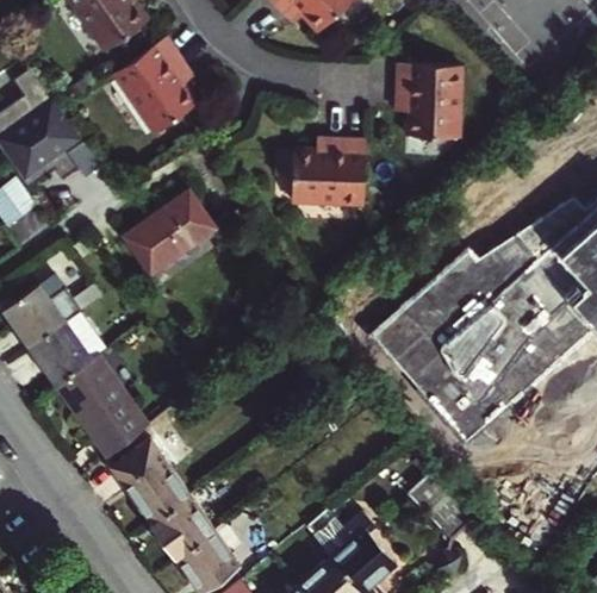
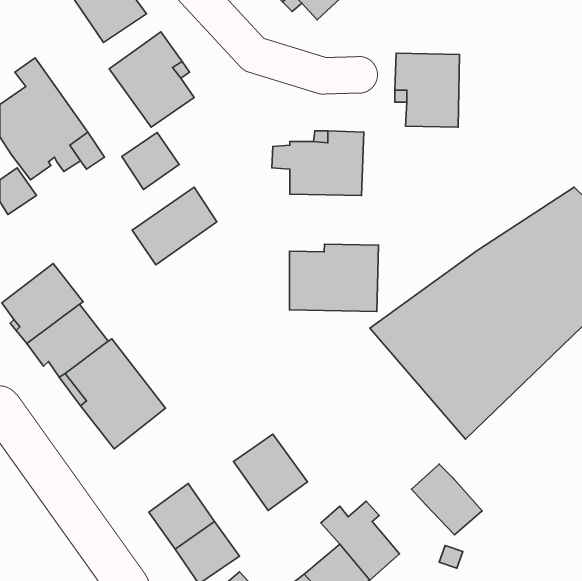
building: none -> [122,132,179,189]
building: none -> [289,244,378,311]
building: [114,444,188,520] -> [233,434,308,511]

